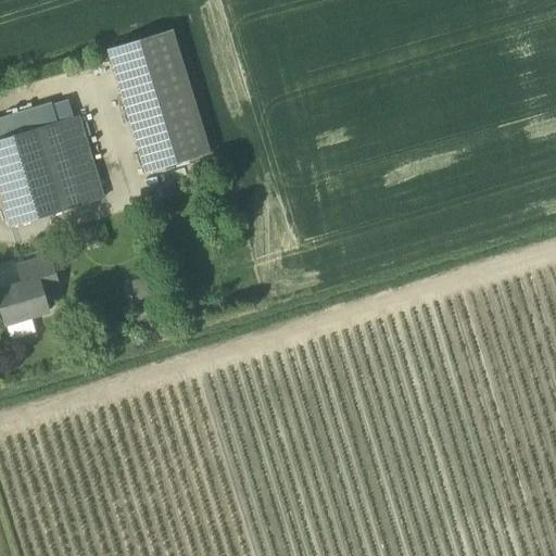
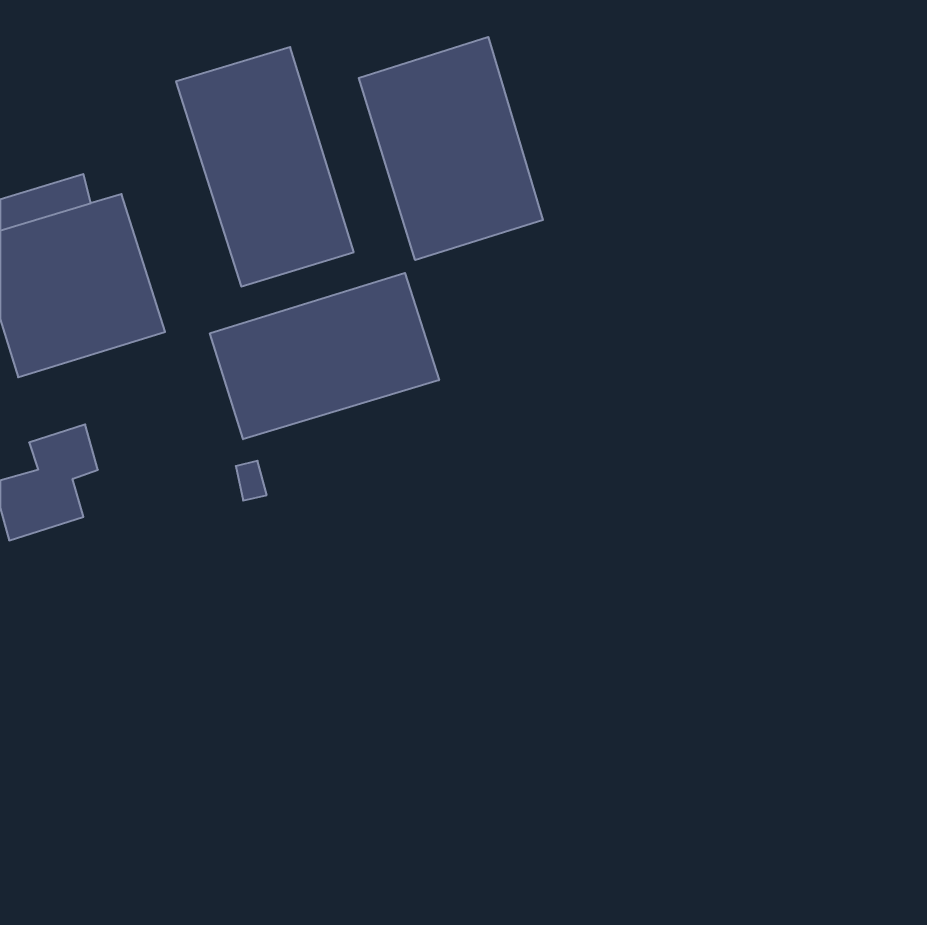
building: none -> [359,37,543,260]
building: none -> [210,273,439,439]

